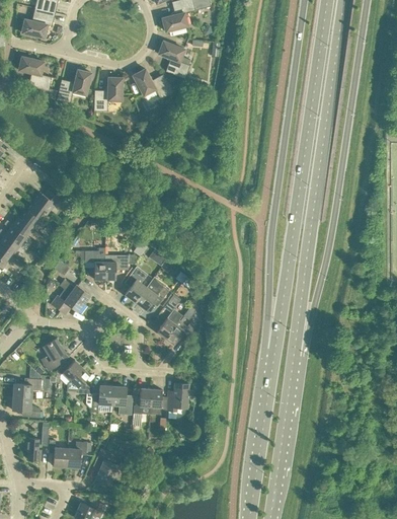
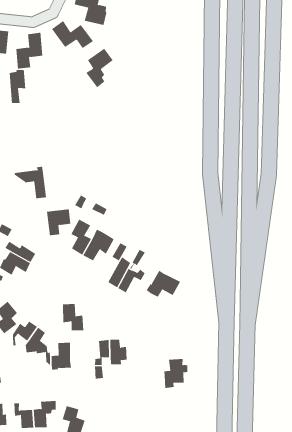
building: none -> [86,48,114,88]
building: none -> [9,69,26,104]
building: [75,247,104,279] -> [14,166,47,199]
building: none -> [146,270,181,297]
building: [166,382,192,411] -> [163,358,188,389]
building: [110,386,132,415] -> [62,304,84,331]

